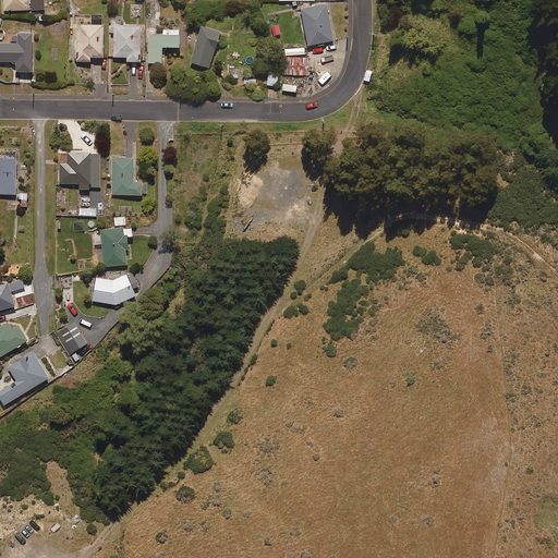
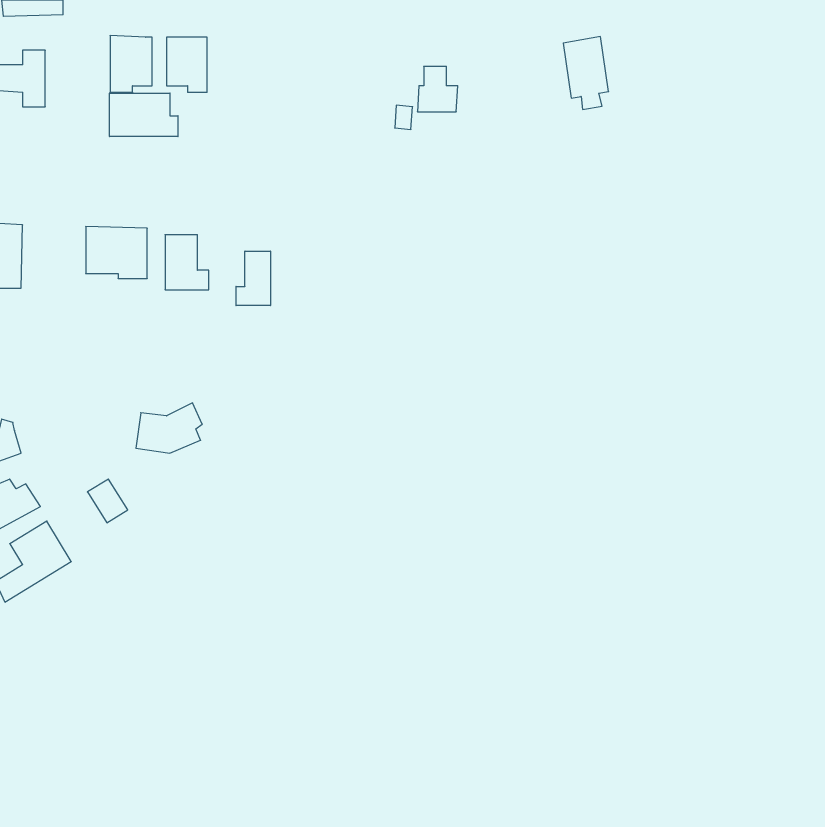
building: [301,4,331,53] -> [563,37,609,109]
building: [190,26,219,69] -> none
building: [147,28,179,63] -> none
building: none -> [110,93,178,137]
building: none -> [236,251,270,306]
building: [100,228,131,267] -> none

